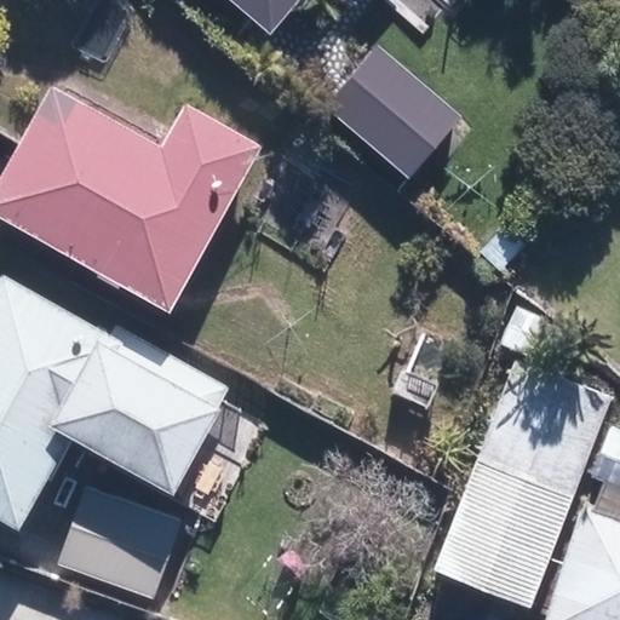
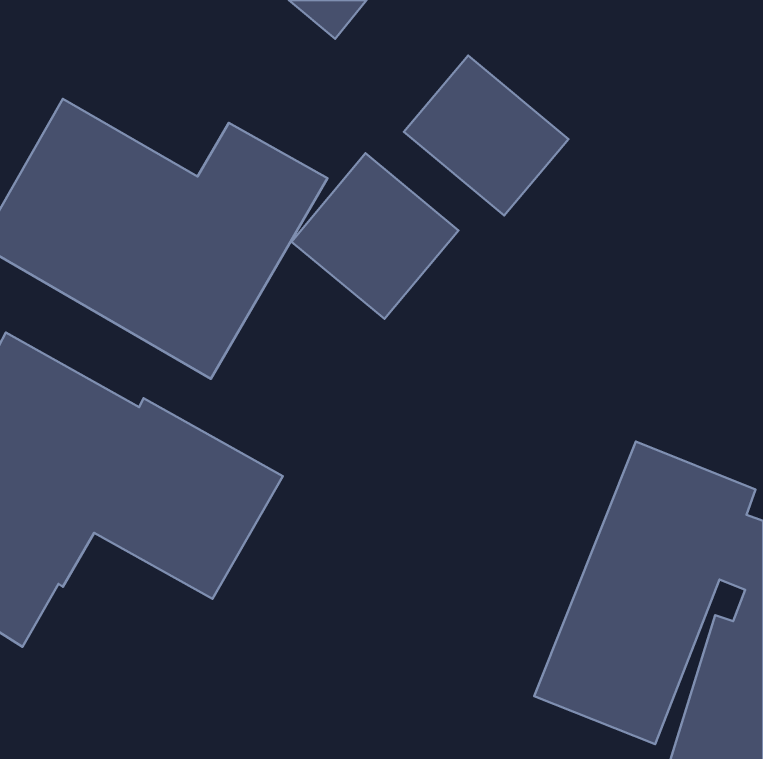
building: none -> [291,153,458,319]
building: [57,488,182,599] -> none

